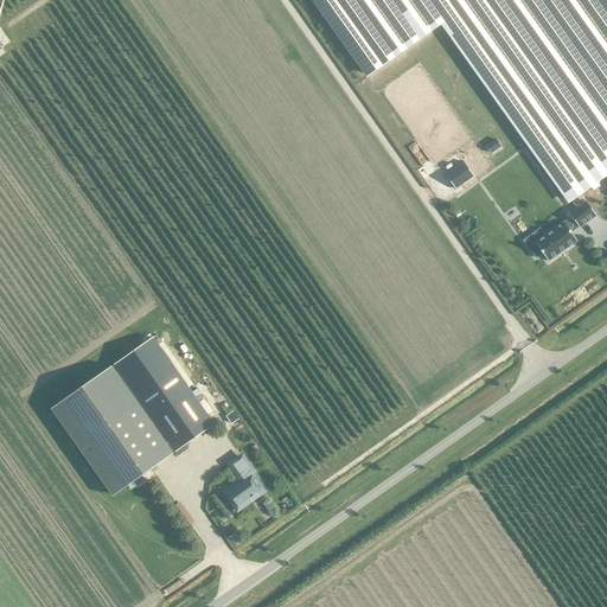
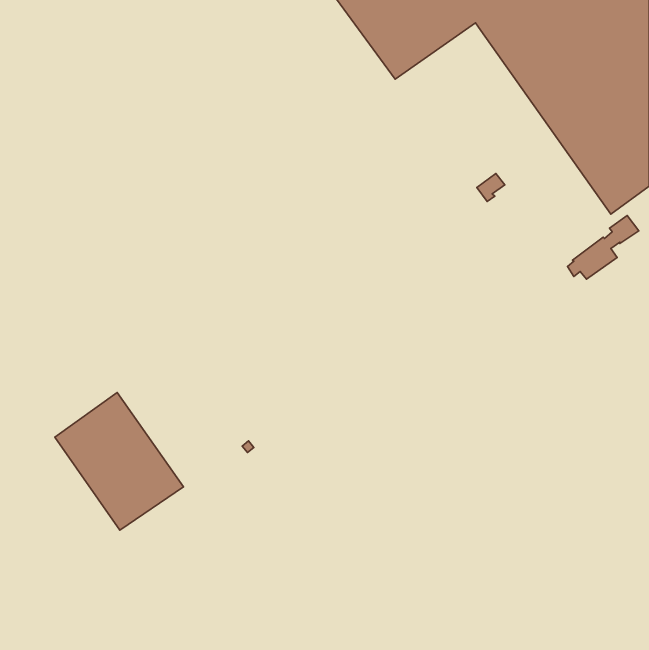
building: [111,337,211,451] -> none
building: [223,466,263,510] -> none

